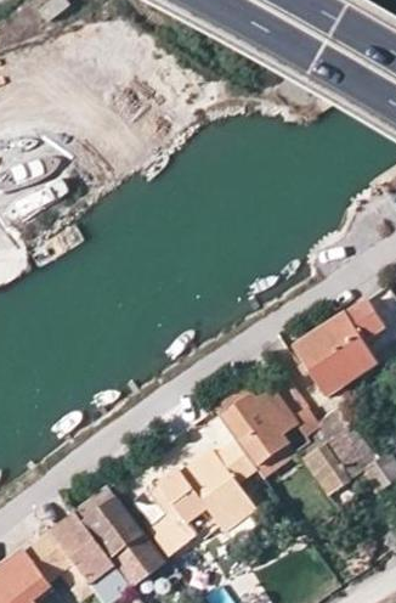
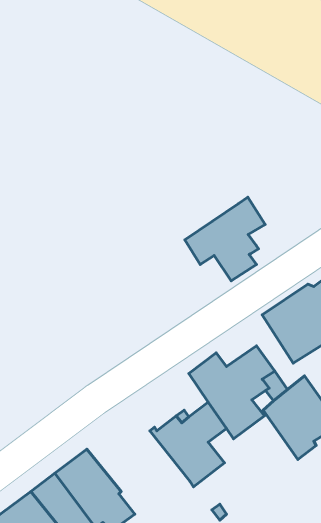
building: none -> [185,197,265,281]
building: [145,468,216,553] -> none

